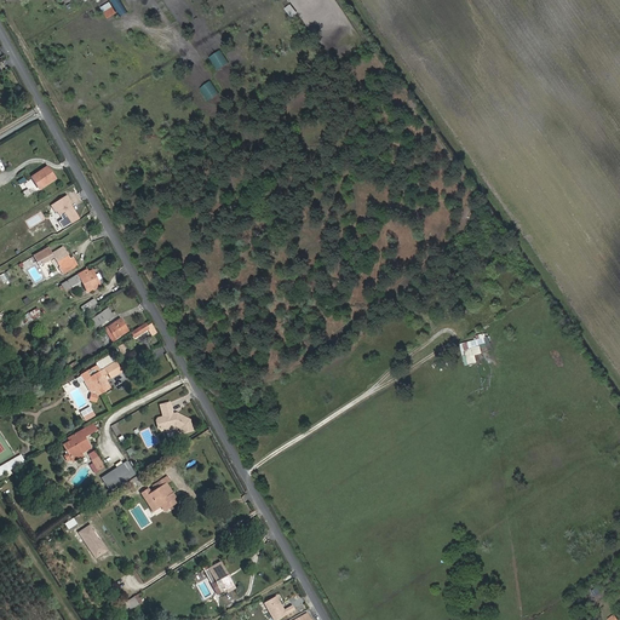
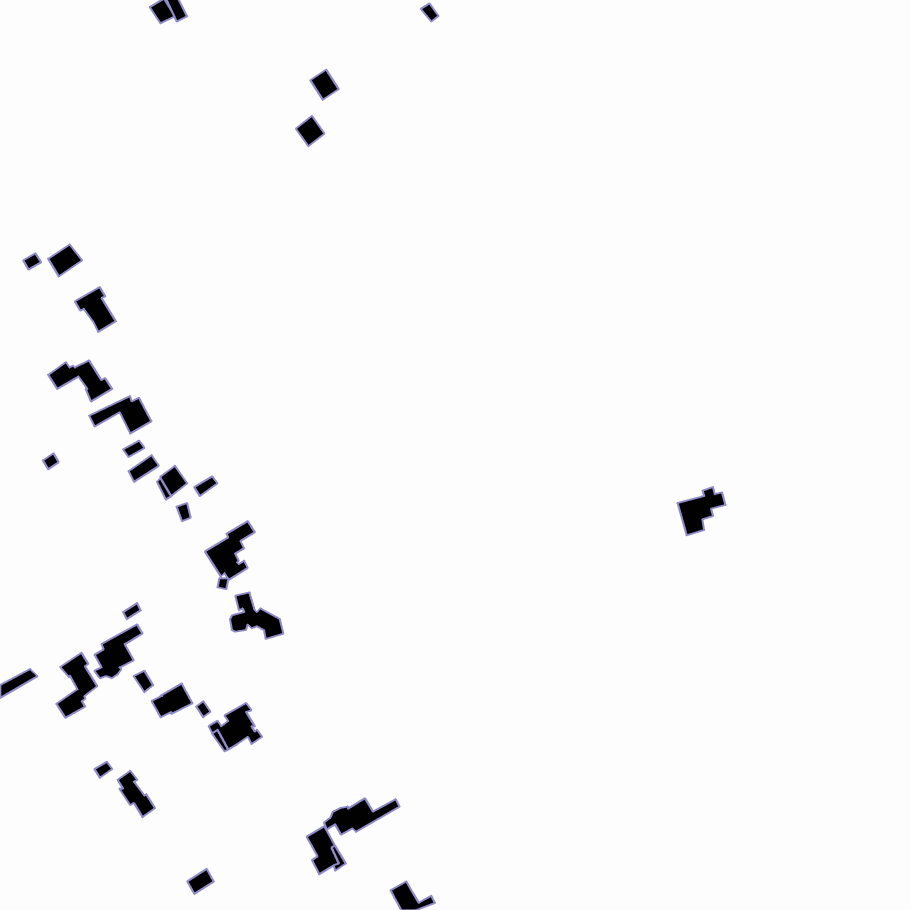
building: [80,355,114,401] -> [205,521,255,589]
building: none -> [56,653,97,718]
building: none -> [324,798,400,835]

